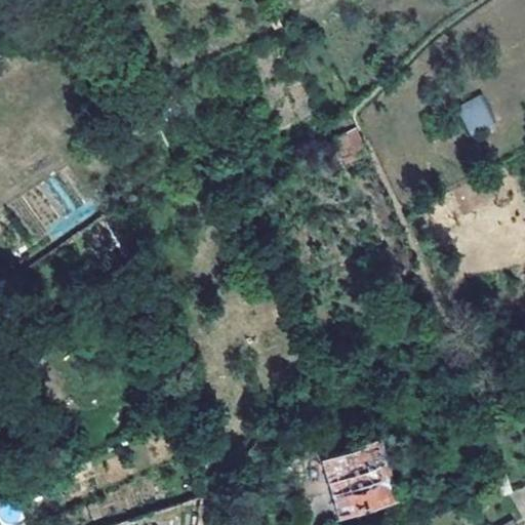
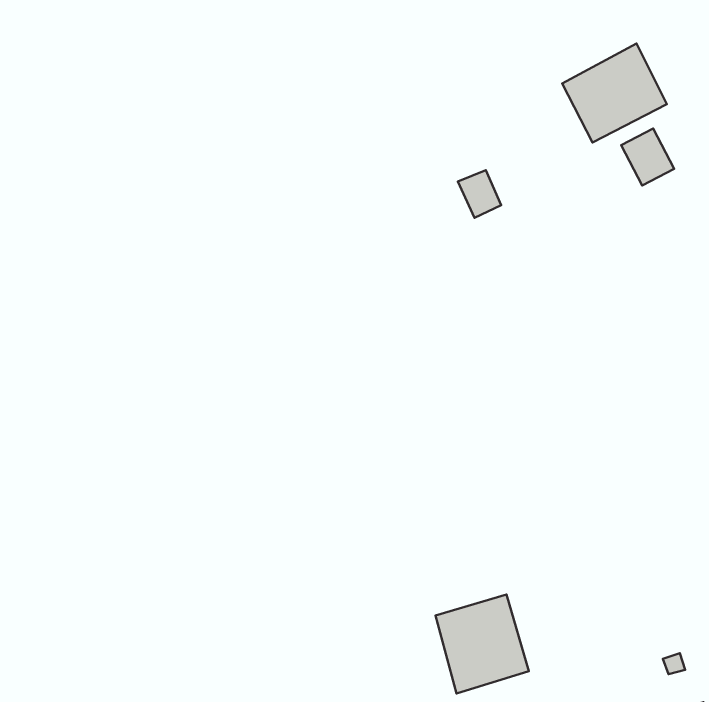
building: none -> [562,43,667,143]

